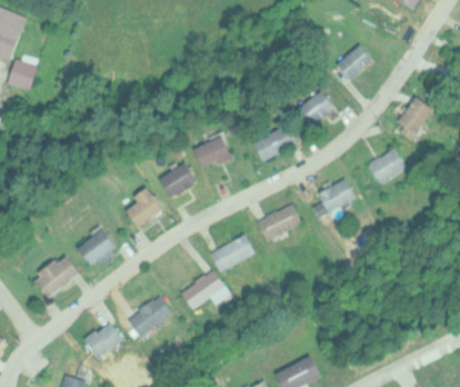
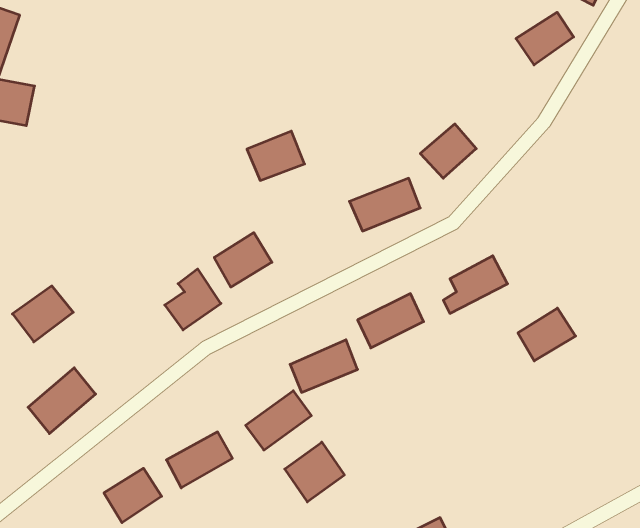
building: [334,44,373,80] -> [516,12,574,65]
building: [393,97,434,139] -> none
building: [192,136,231,169] -> [247,131,305,180]
building: [367,148,406,183] -> [518,308,576,361]
building: [76,229,117,267] -> [12,286,73,342]
building: none -> [285,442,344,502]

